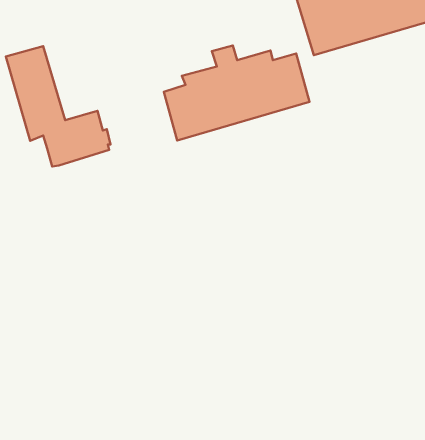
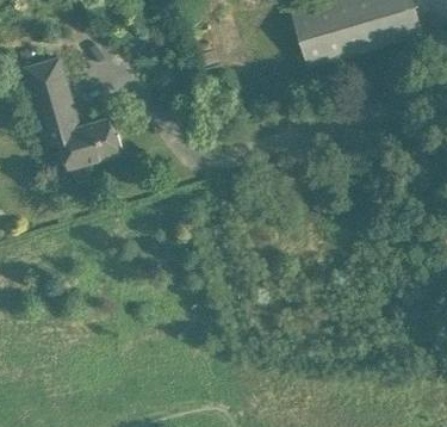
building: [164,46,309,140] -> none

